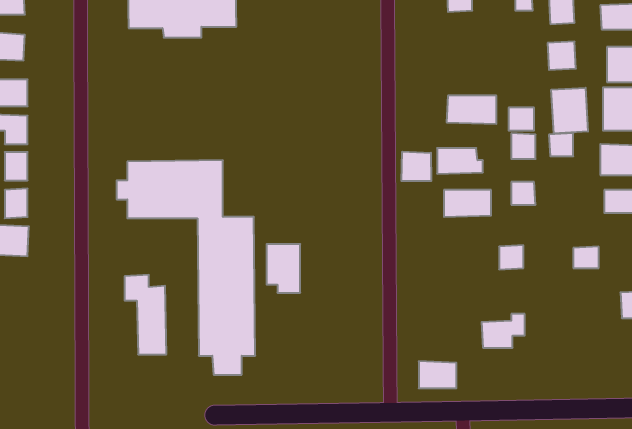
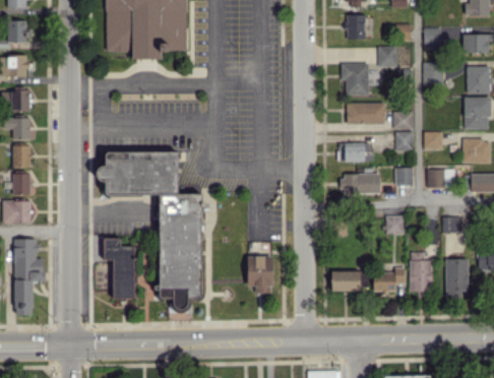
building: none -> [378,46,397,67]
building: none -> [342,63,369,94]
building: [551,88,588,134] -> none
building: [401,152,431,181] -> none
building: none -> [427,169,454,188]
building: [267,244,300,293] -> [248,256,273,293]
building: none -> [14,239,45,315]
building: none -> [410,252,432,292]
building: none -> [446,258,469,299]
building: [419,361,456,388] -> [332,270,361,291]

